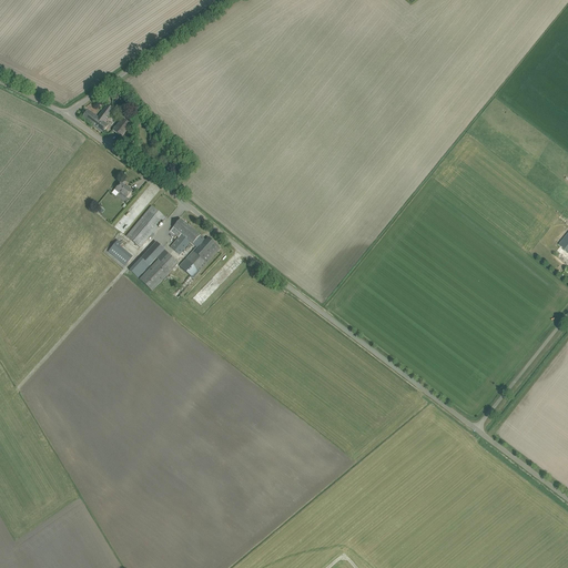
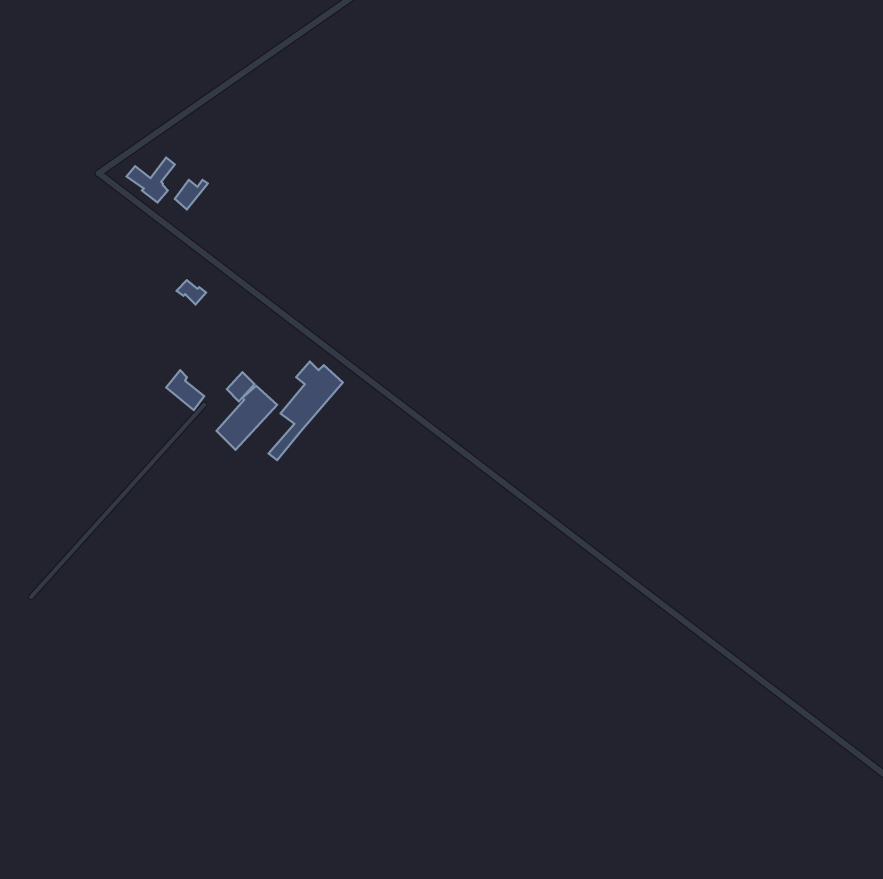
building: [125,203,164,245] -> none
building: [170,215,199,252] -> none

